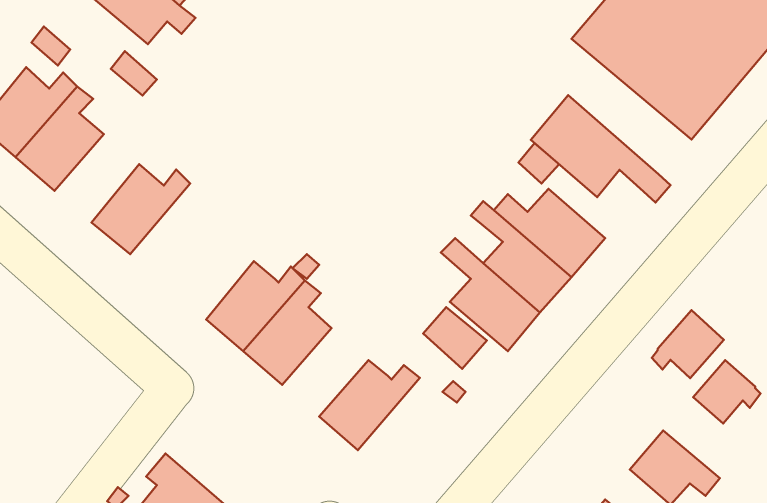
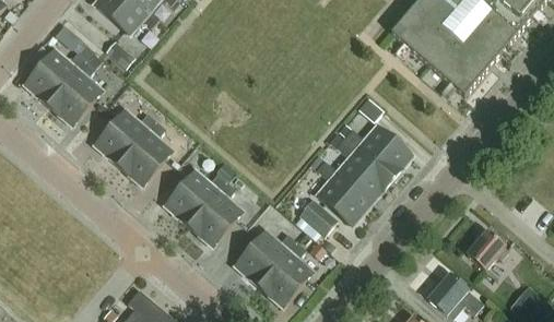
building: [531,95,670,202] -> none
building: none -> [118,121,172,186]
building: [652,310,724,378] -> none
building: none -> [259,241,313,306]

